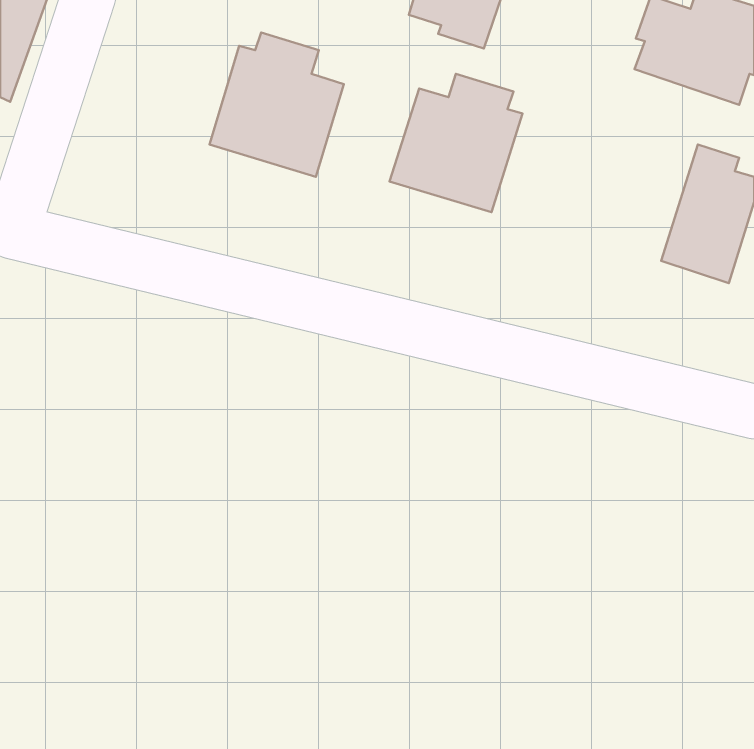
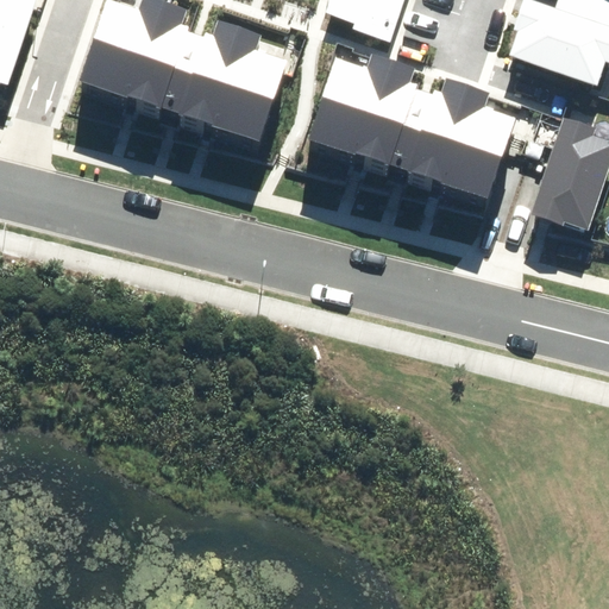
building: none -> [87,5,193,117]
building: none -> [396,81,506,199]

